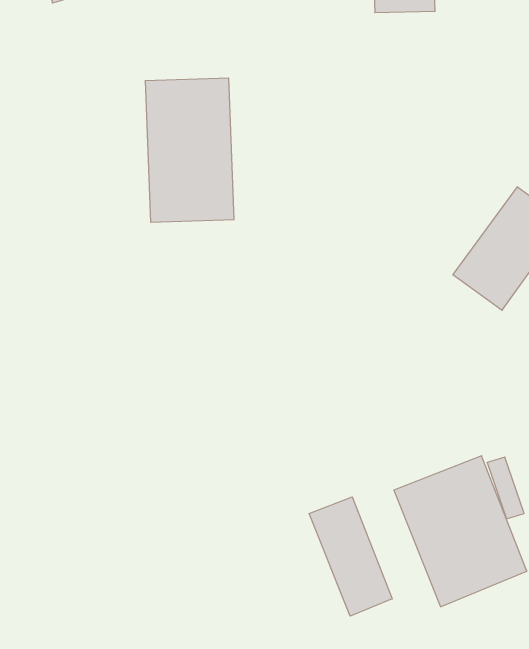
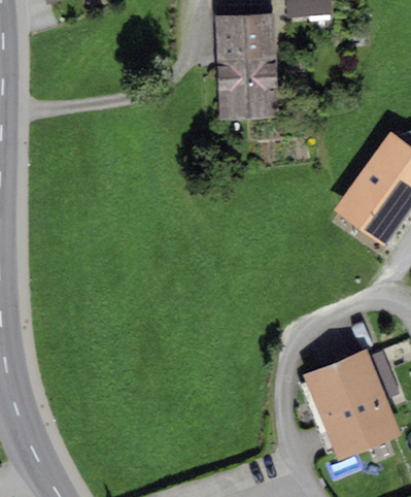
building: [145,78,234,222] -> [213,12,280,121]
building: [309,497,392,616] -> none

